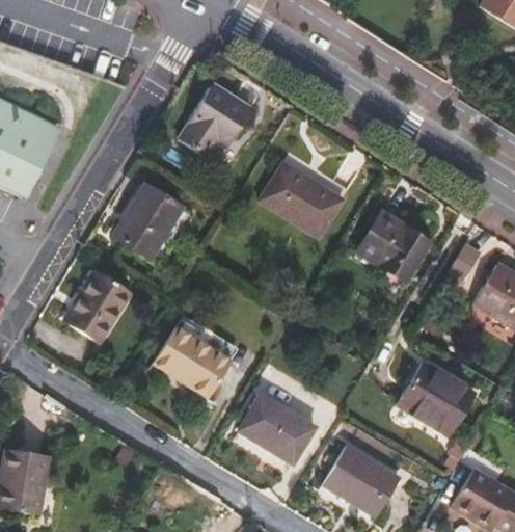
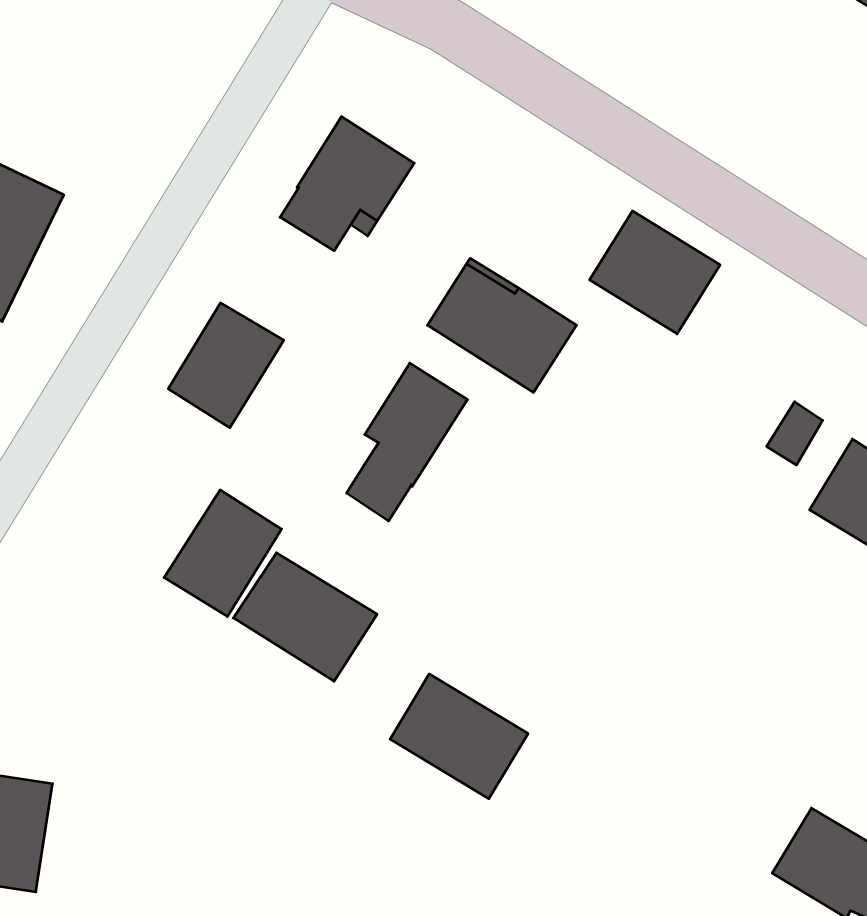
building: [356,213,429,282] -> [590,211,720,334]
building: none -> [347,363,468,521]
building: [64,271,130,342] -> [164,490,282,617]
building: [398,362,477,435] -> none
building: [323,446,400,516] -> none

